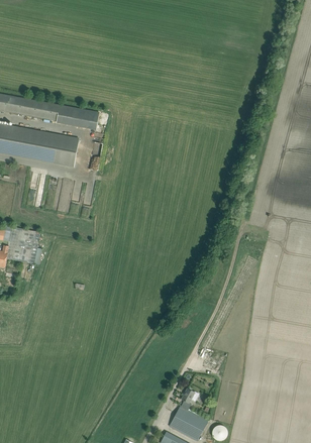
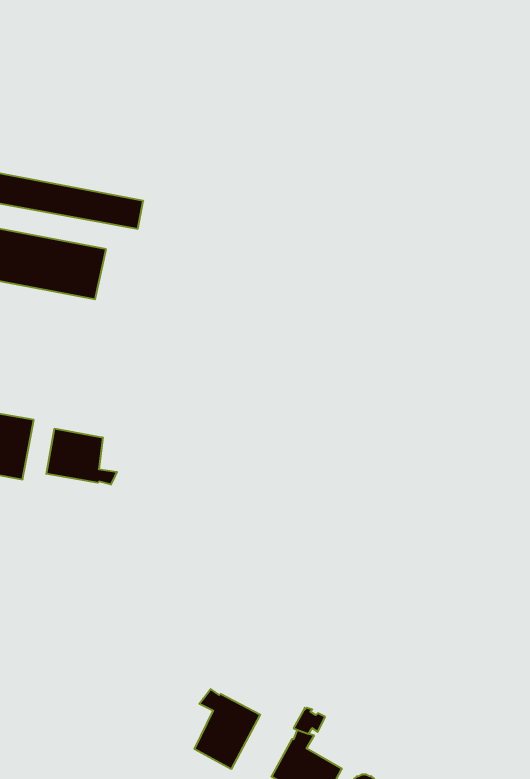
building: none -> [46,429,117,485]
building: none -> [194,689,260,769]

